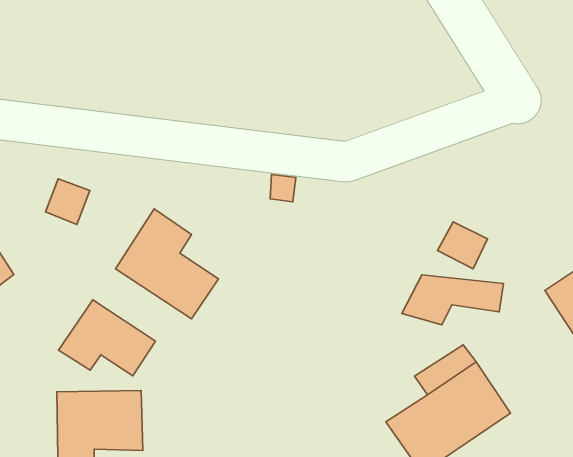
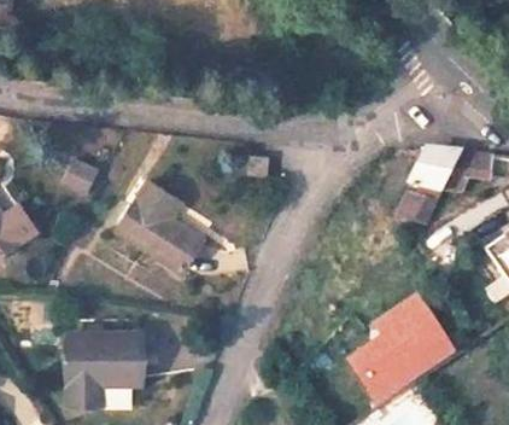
building: [402,275,503,325] -> [408,149,493,191]
building: [58,300,155,376] -> none

